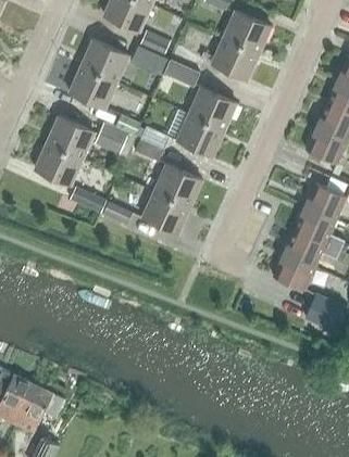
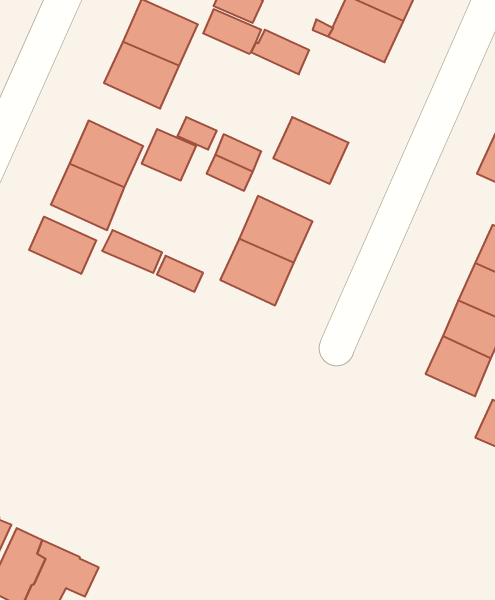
building: [188,87,236,130] -> none
building: none -> [29,217,96,274]

